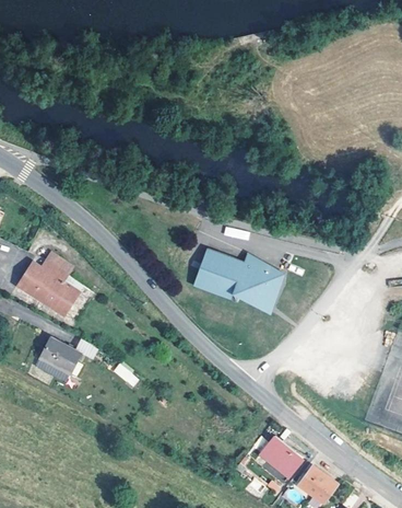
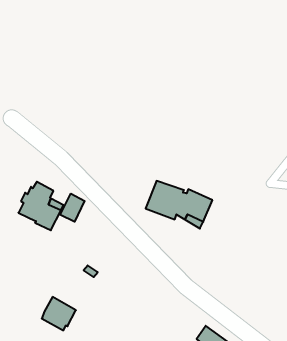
building: none -> [60,194,85,222]
building: [38,335,83,379] -> [42,297,76,330]

